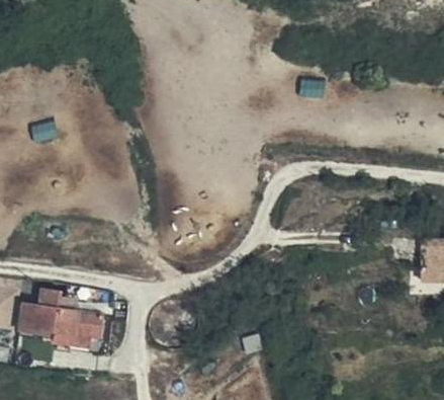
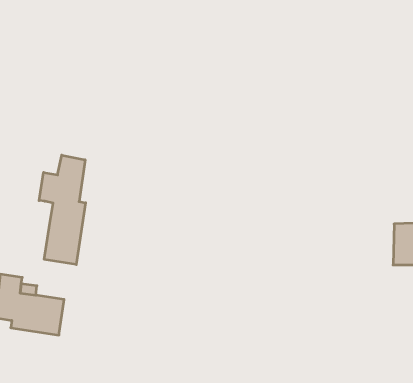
building: none -> [39,155,86,265]

